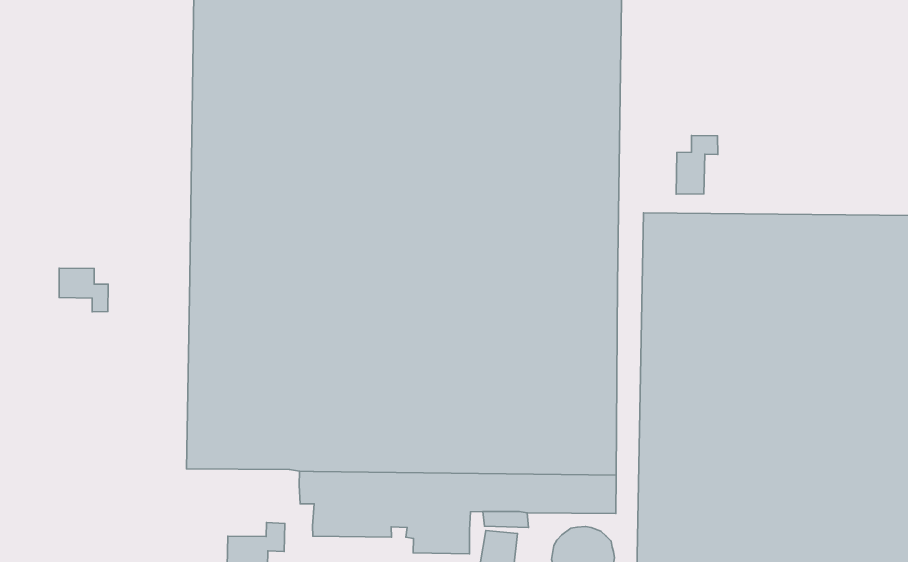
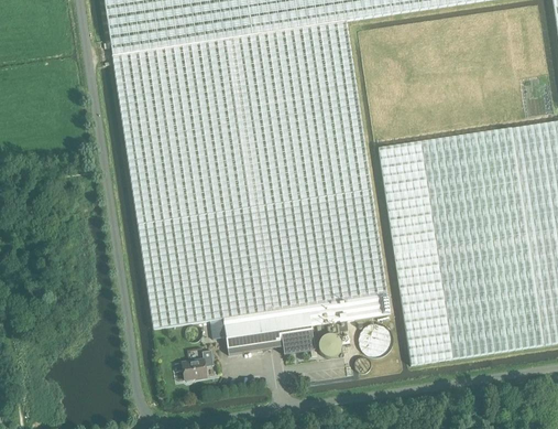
building: [676,136,718,194] -> none
building: [59,268,108,312] -> none

